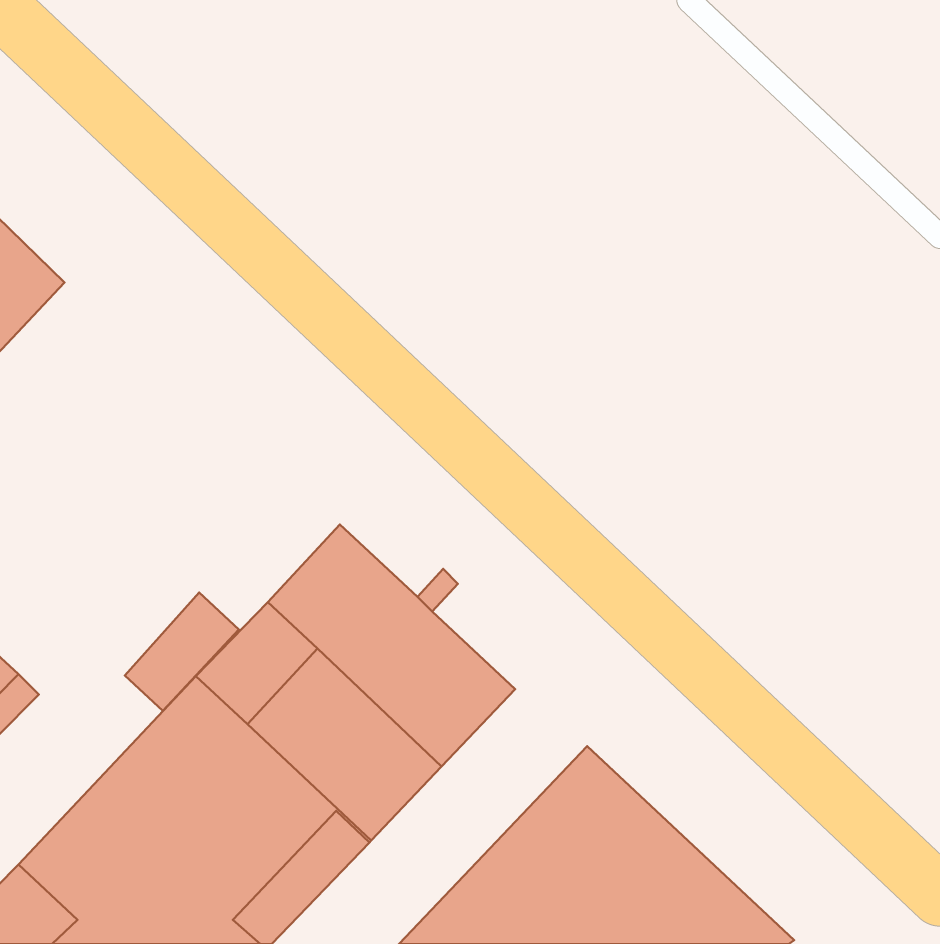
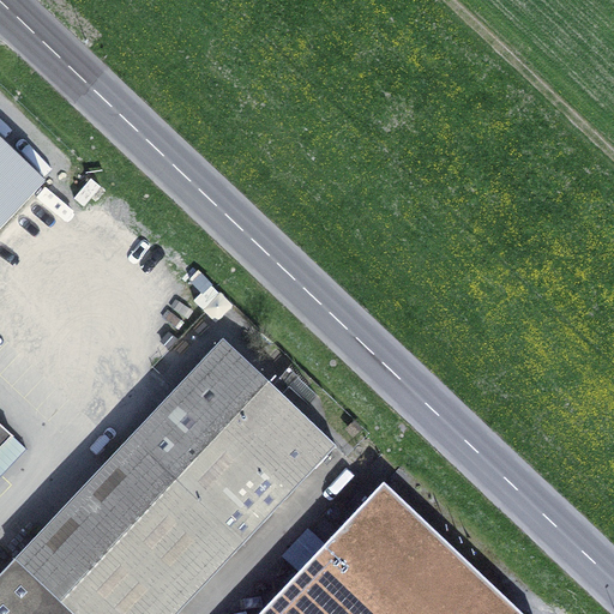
building: [125,593,239,711] -> none

